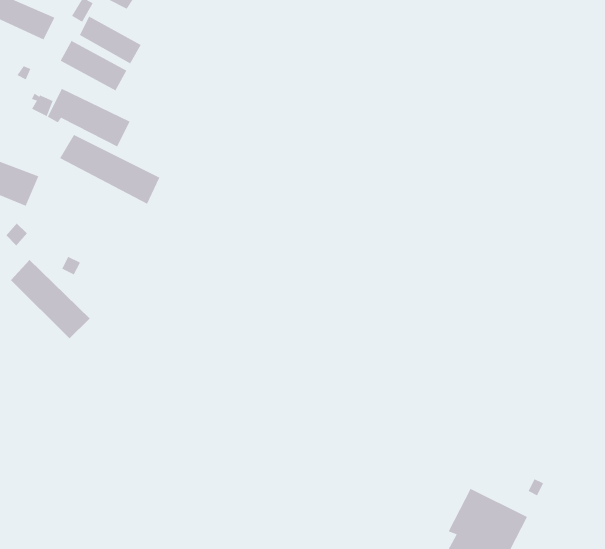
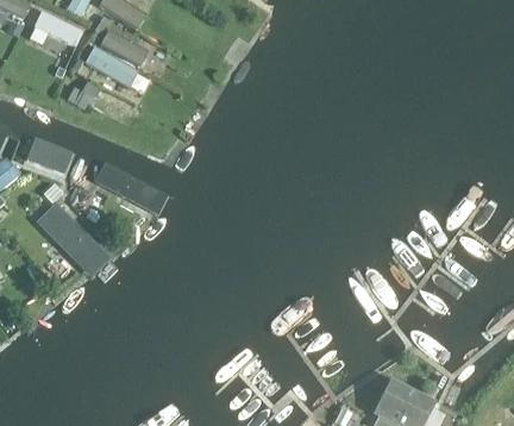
building: [59,134,160,205] -> [93,162,168,214]

